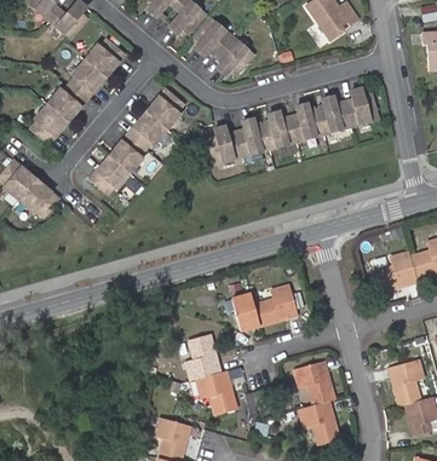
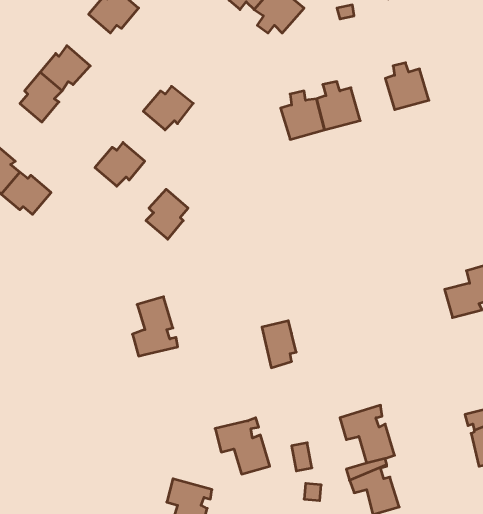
building: [71,58,105,98] -> none
building: [345,87,379,125] -> none
building: [153,88,185,127] -> none
building: [292,103,326,140] -> none
building: [211,125,245,162] -> none
building: [115,133,148,172] -> [146,189,188,239]
building: [246,284,287,325] -> none
building: [177,334,212,380] -> [132,297,178,356]

